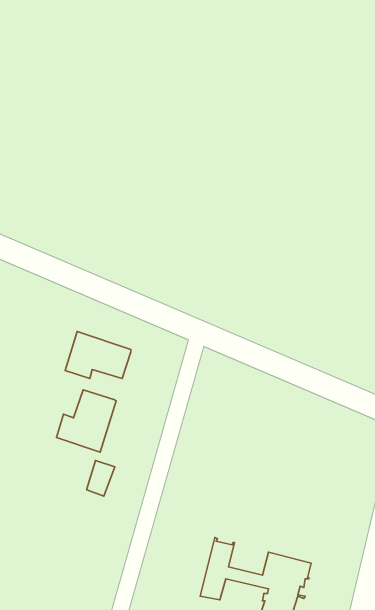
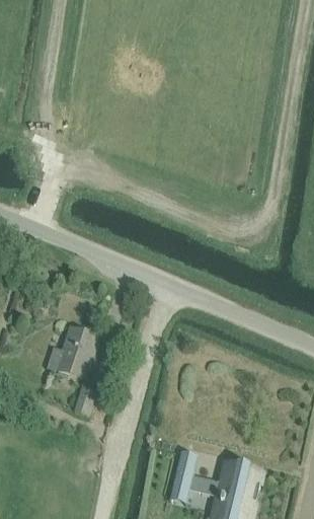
building: [65,332,131,378] -> none

